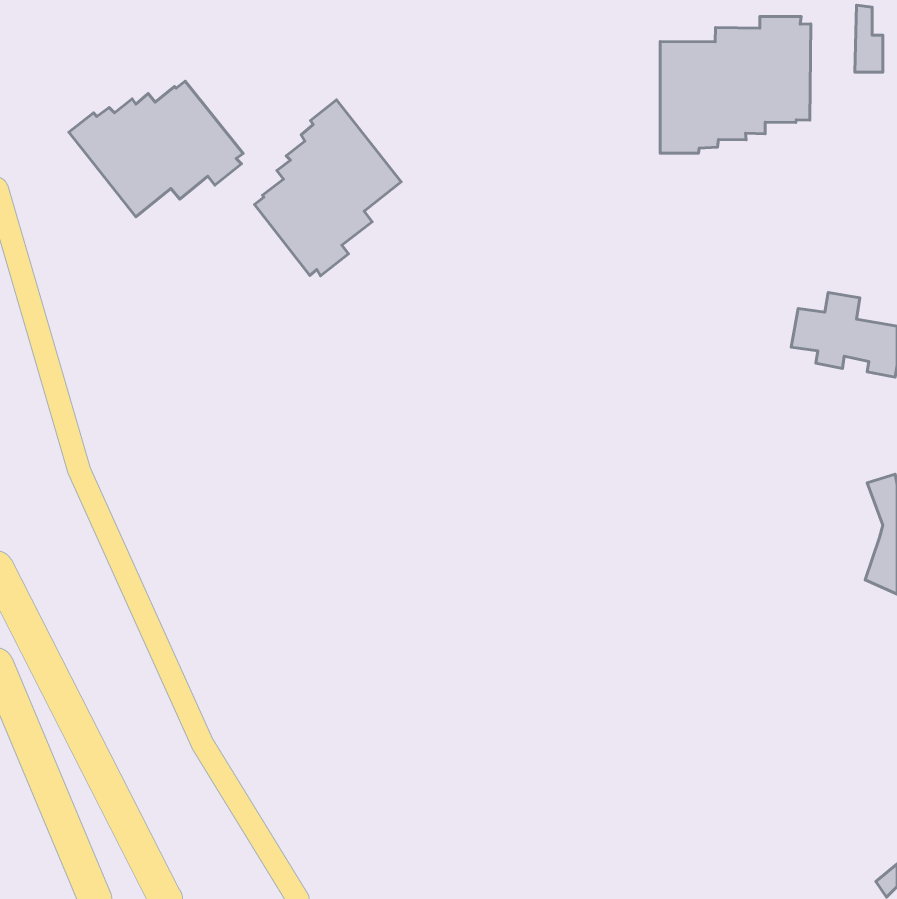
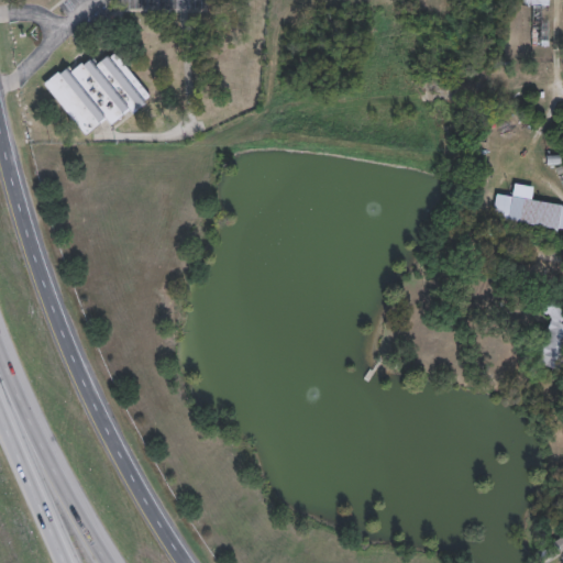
building: [660,16,811,153] -> none
building: [255,100,401,276] -> none

